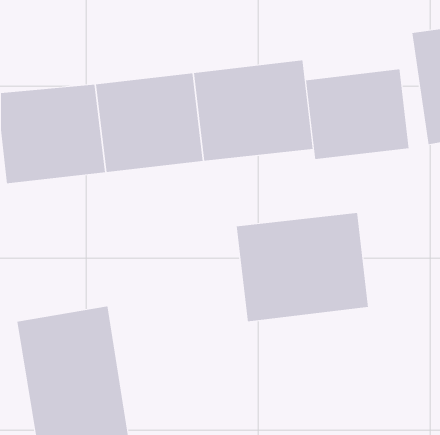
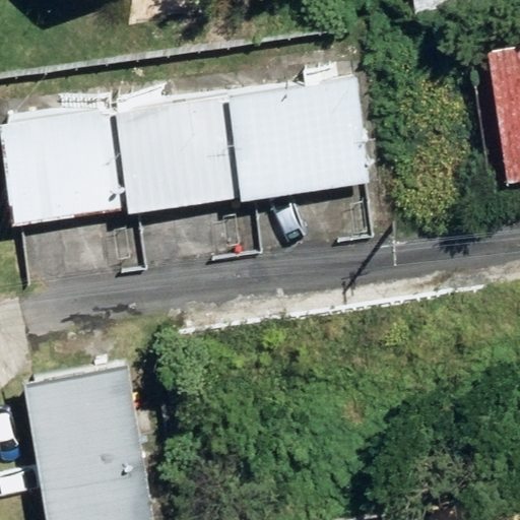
building: [306,68,409,160] -> none
building: [236,212,369,322] -> none

